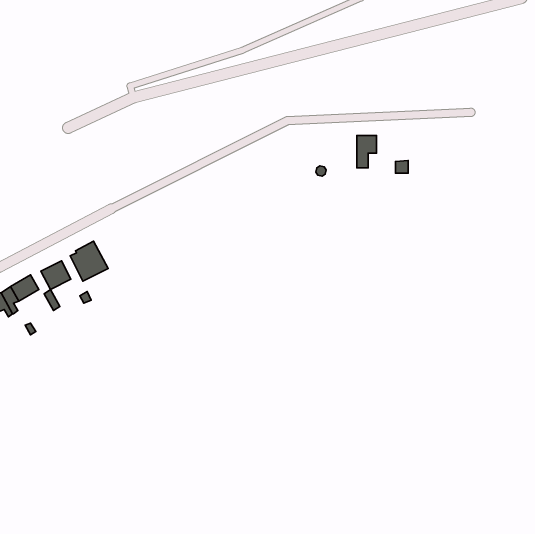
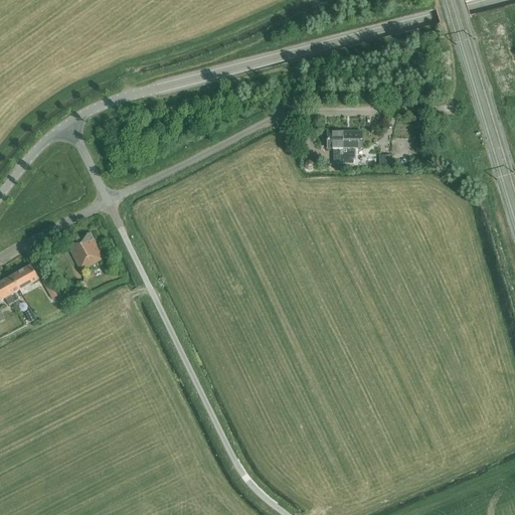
building: none -> [327,130,342,161]
building: [41,261,71,290] -> none

